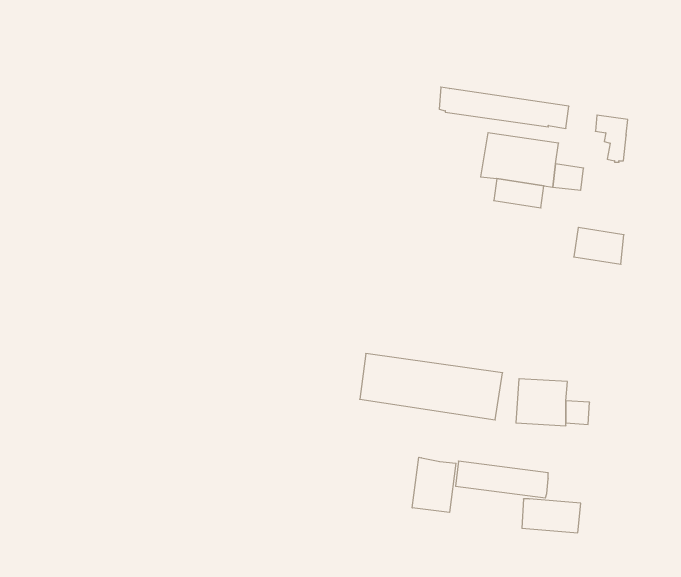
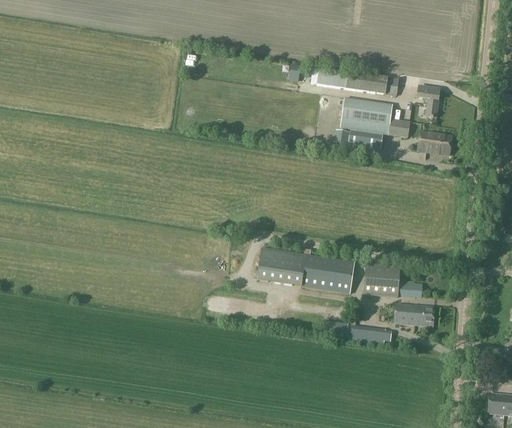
building: [574,227,624,264] -> [418,130,452,155]
building: [412,457,456,512] -> none
building: [522,499,581,533] -> [395,303,435,326]

